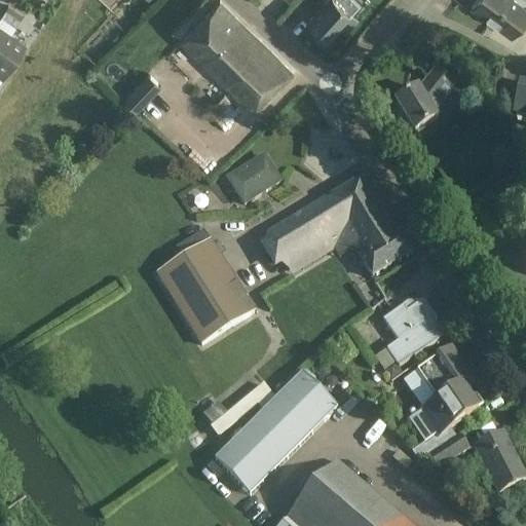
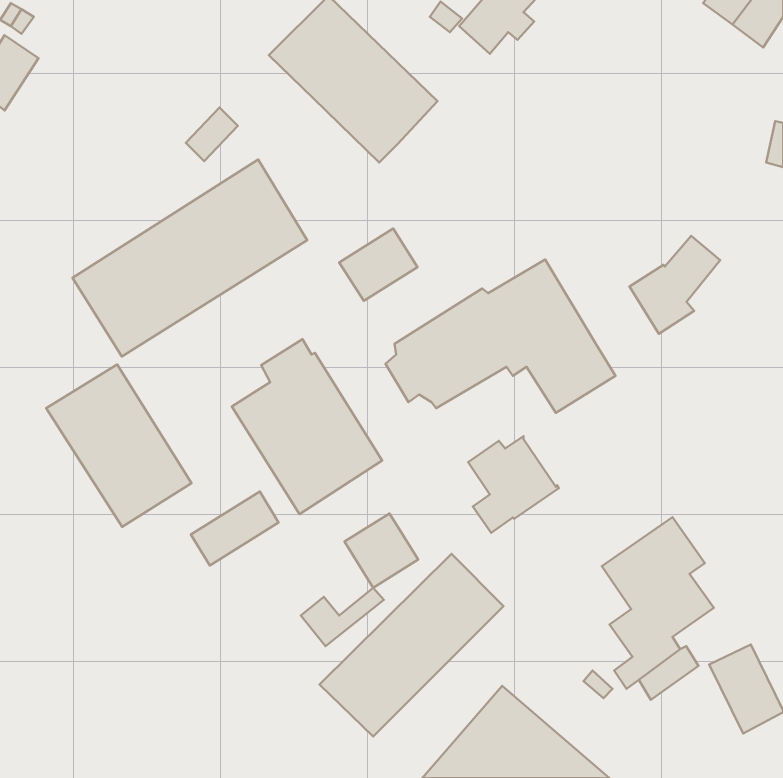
building: [394,66,455,132] -> [630,236,720,334]
building: none -> [72,160,307,357]
building: none -> [46,365,192,527]
building: [382,301,443,366] -> [468,436,559,533]
building: none -> [191,491,279,566]
building: none -> [344,513,418,588]

